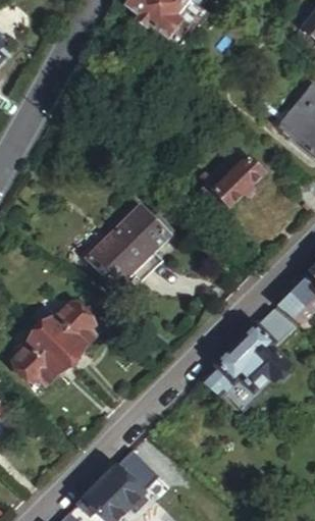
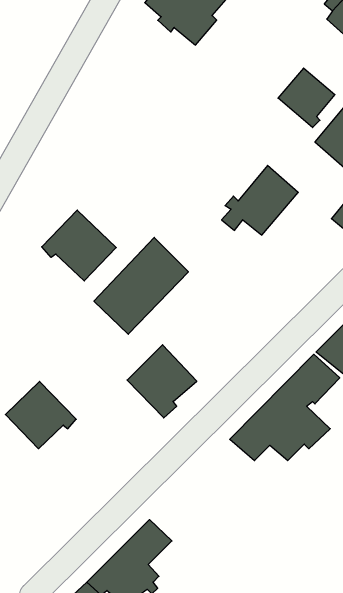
building: none -> [278,68,335,128]
building: none -> [42,210,116,281]
building: [40,300,100,363] -> [127,345,197,418]

